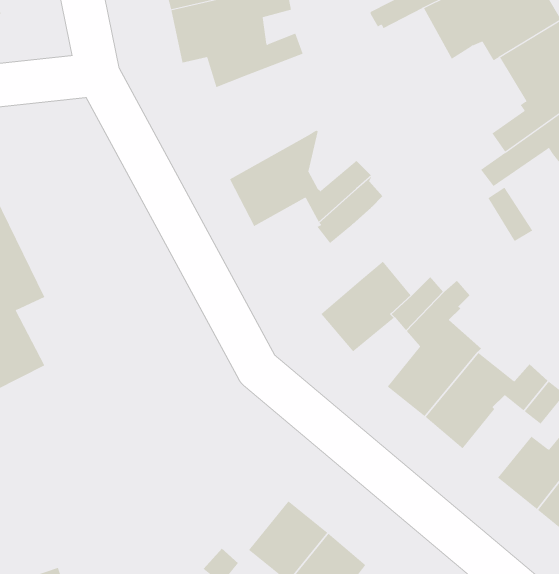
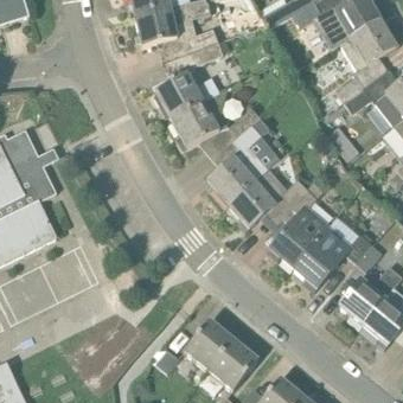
building: none -> [155,40,223,119]
building: none -> [209,147,268,203]

